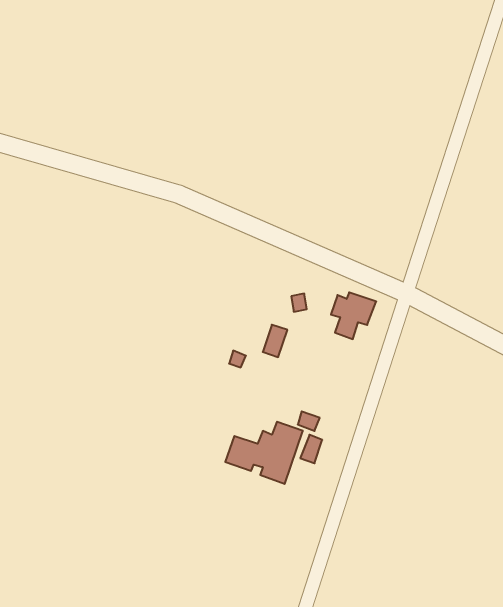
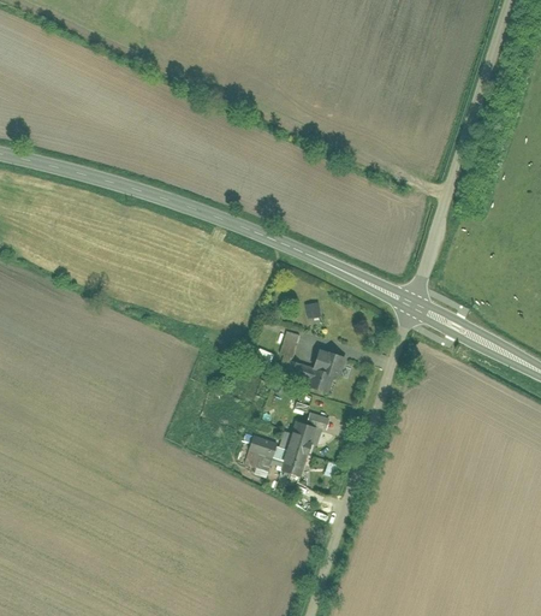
building: [331,292,376,339] -> [308,349,350,392]

